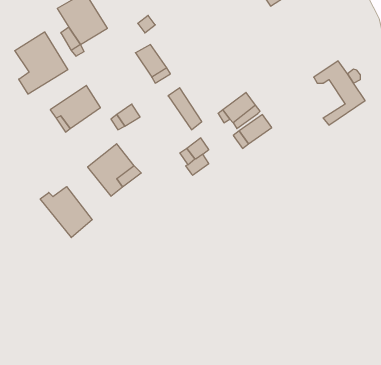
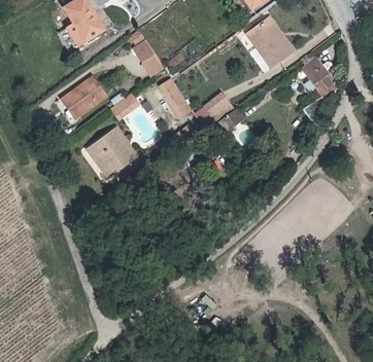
building: none -> [250,16,292,62]
building: [15,32,68,94] -> none
building: [40,187,92,238] -> none

